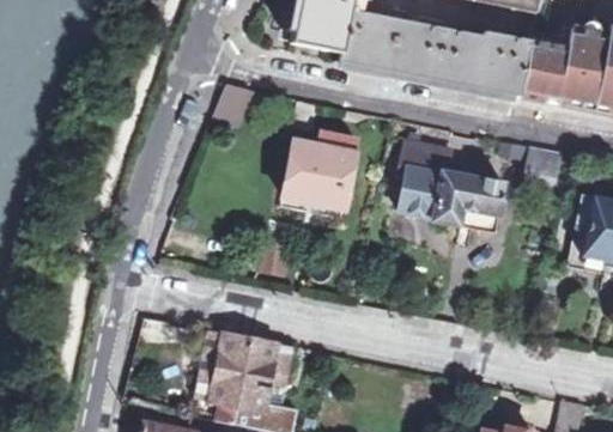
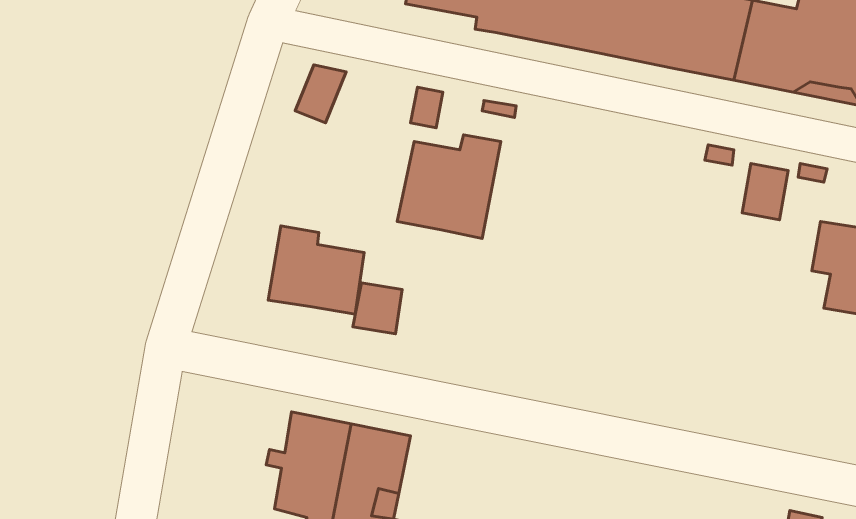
building: [396,140,504,233] -> none
building: none -> [268,226,364,314]

